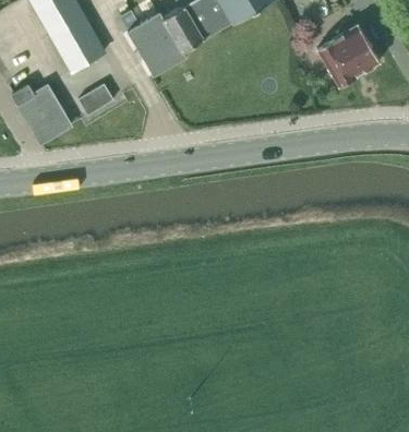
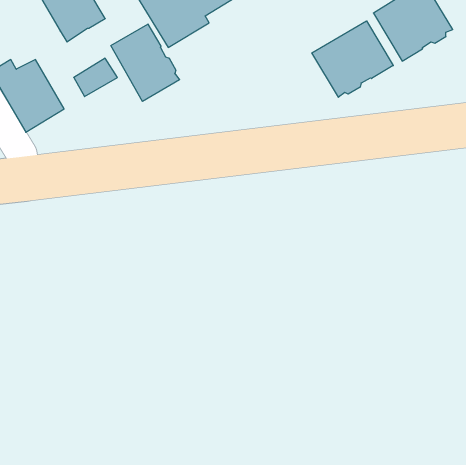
building: none -> [312,21,393,97]
building: none -> [111,24,180,101]

